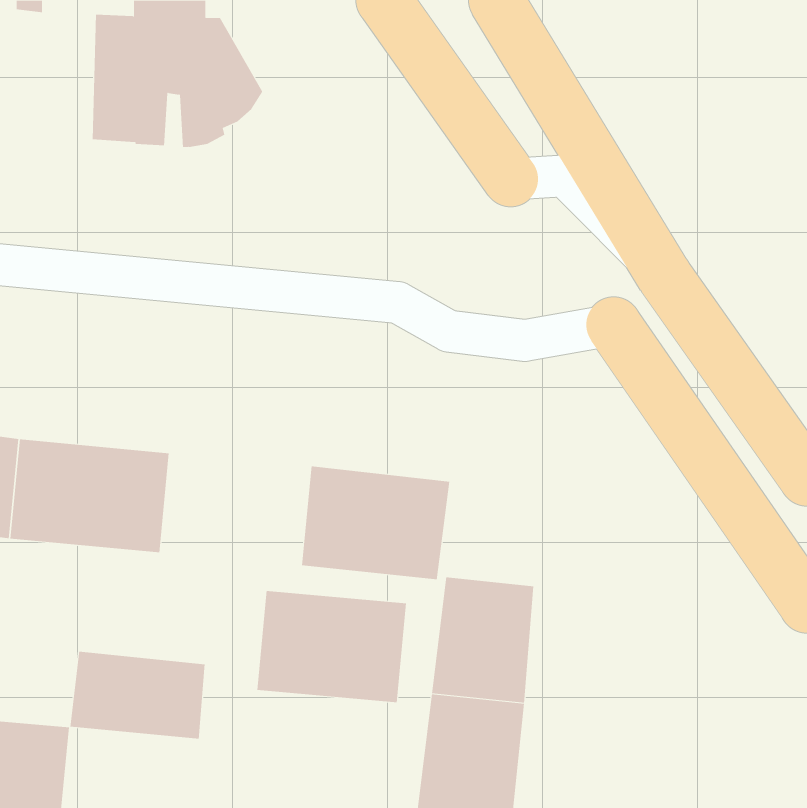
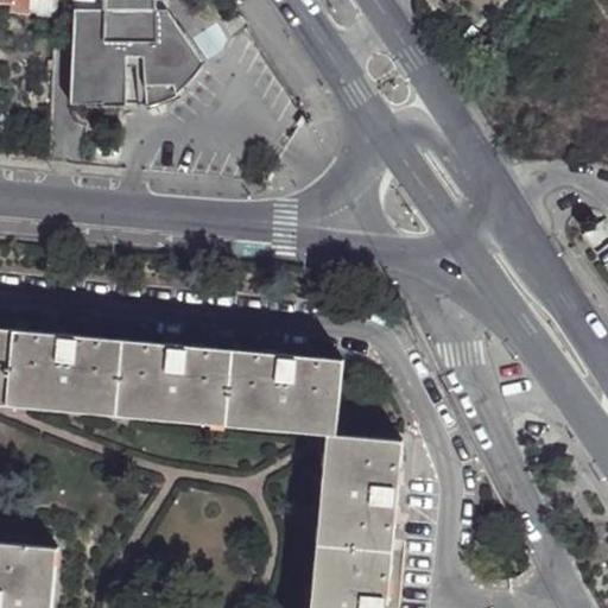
building: [256,590,407,703] -> [120,341,233,425]
building: [70,651,205,739] -> none

